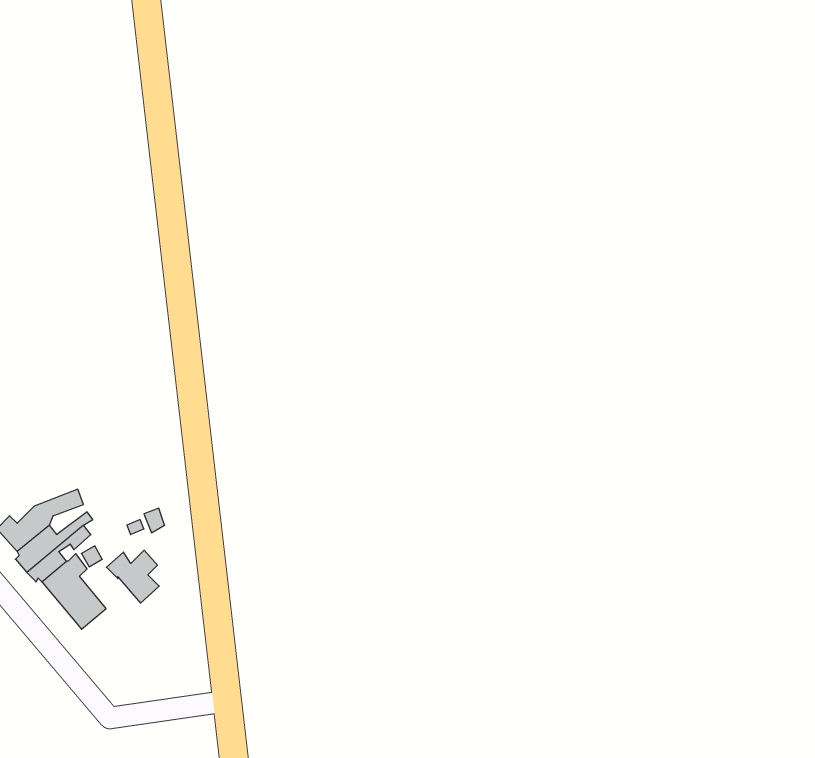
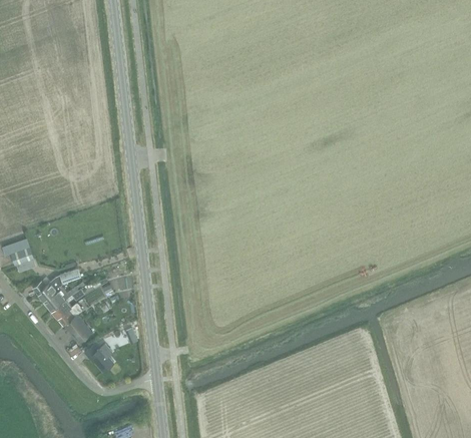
building: [106,550,159,603] -> [84,344,112,372]

